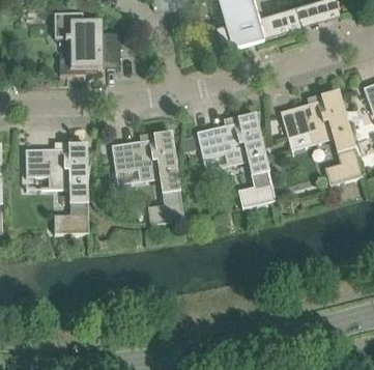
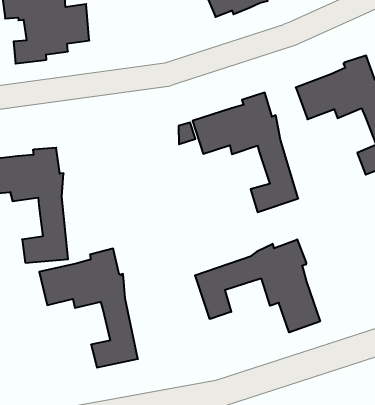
building: [111,132,183,225] -> [39,249,138,368]
building: none -> [195,239,320,332]

